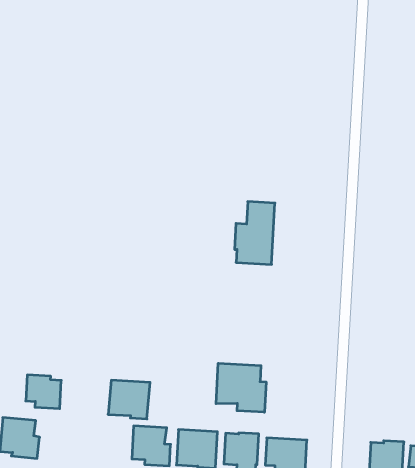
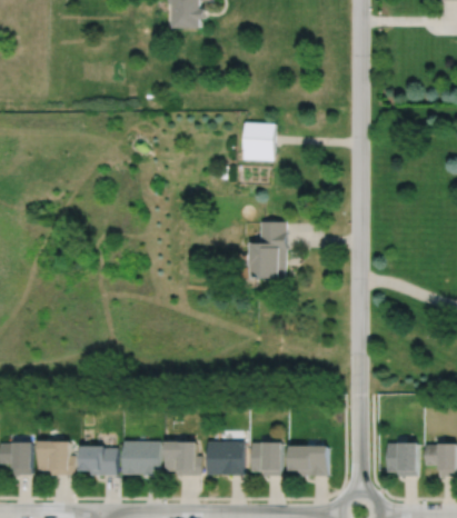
building: none -> [241,123,274,162]
building: [216,363,266,412] -> none
building: [26,375,61,409] -> [82,445,115,475]
building: [108,380,150,419] -> [120,441,158,476]

